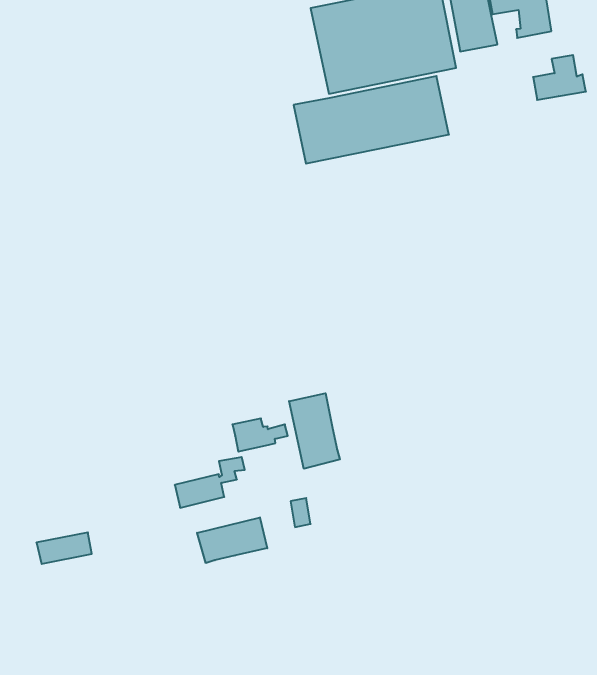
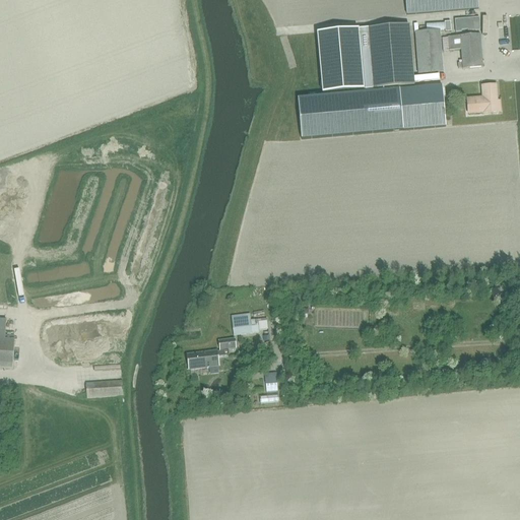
building: none -> [399,82,445,128]
building: [289,393,340,469] -> none
building: [197,517,267,563] -> none

